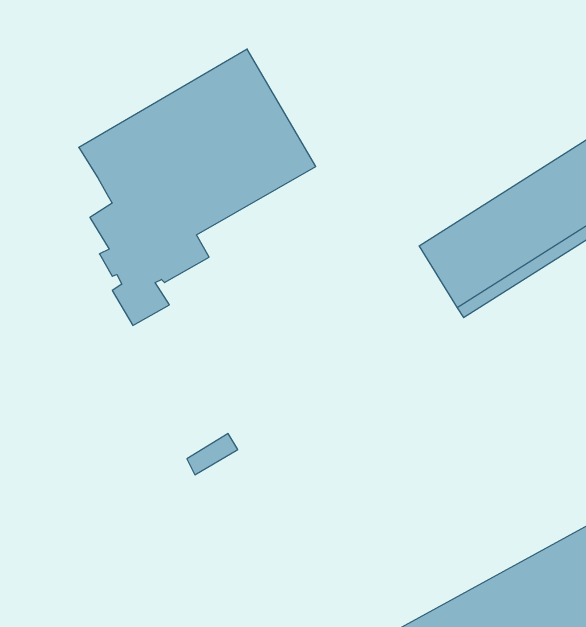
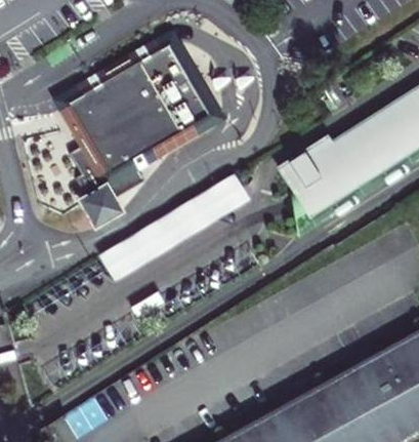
building: none -> [97,172,251,281]

